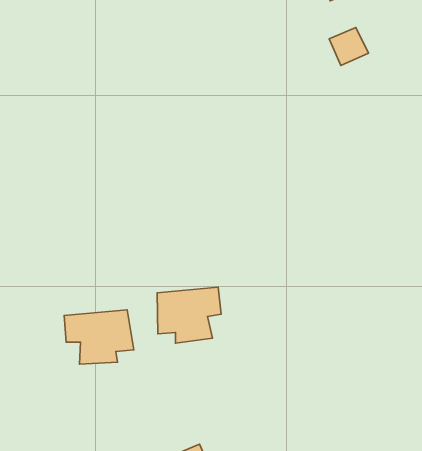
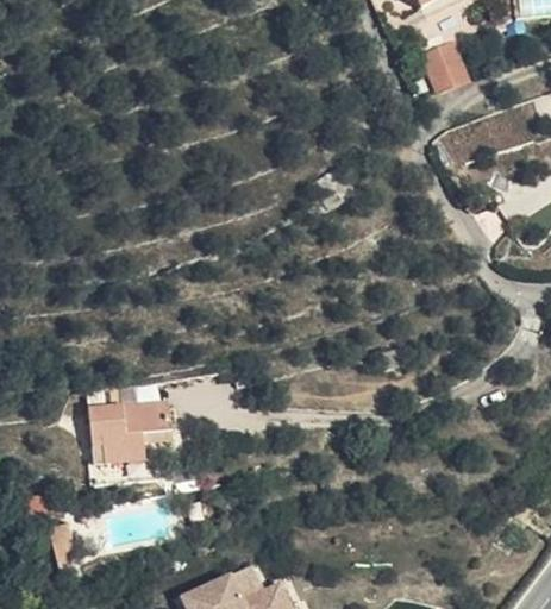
building: [157,287,221,343] -> none

